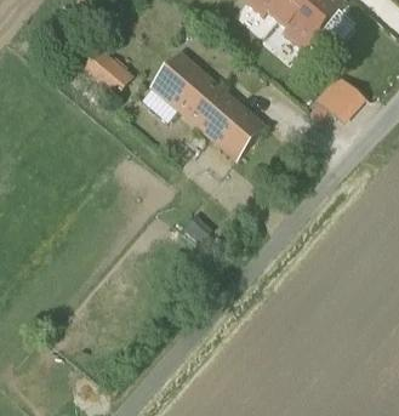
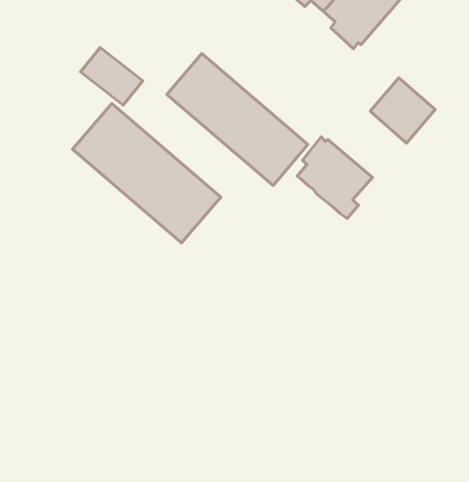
building: none -> [73,104,221,243]
building: none -> [297,137,372,218]

